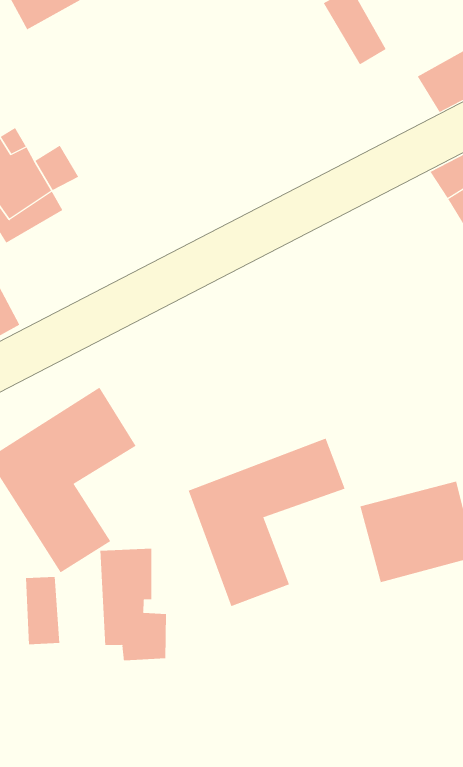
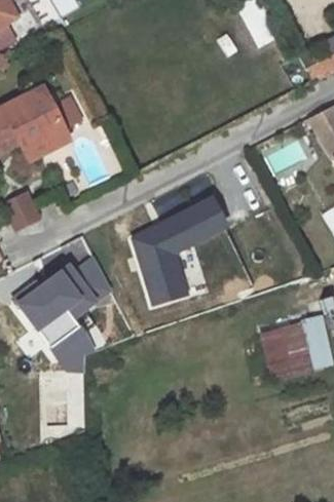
building: [188,438,345,607] -> [128,198,230,307]
building: [100,548,166,661] -> none

